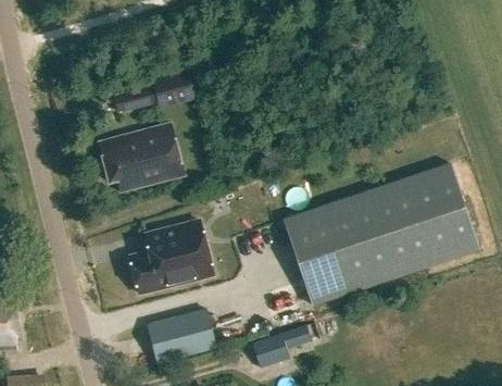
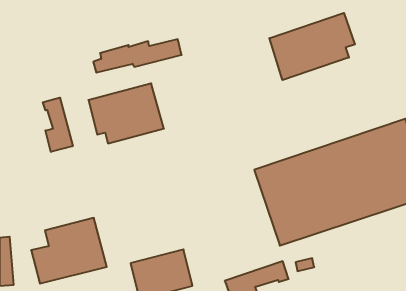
building: none -> [269,13,355,80]
building: none -> [43,98,73,152]
building: [129,220,213,292] -> [31,218,107,284]

